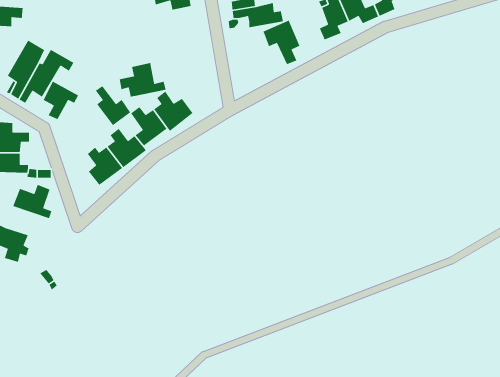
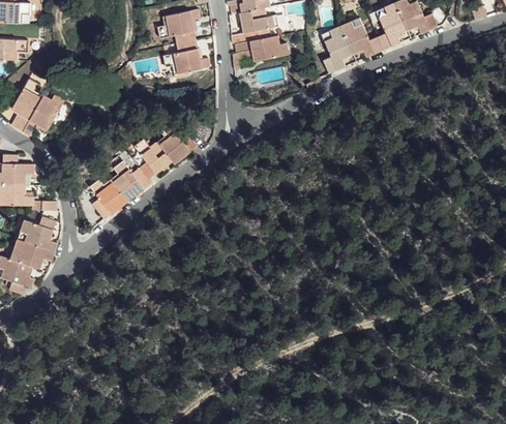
building: [262,20,301,65] -> none
building: [119,62,166,98] -> [163,39,211,74]
building: [42,80,79,120] -> none
building: [95,85,131,126] -> none
building: none -> [10,239,54,269]

